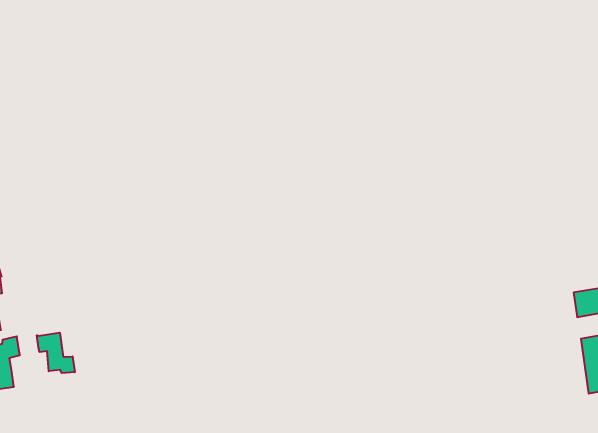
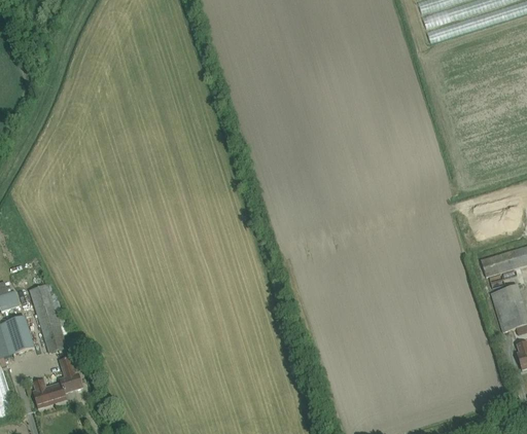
building: [37,333,75,373] -> none

